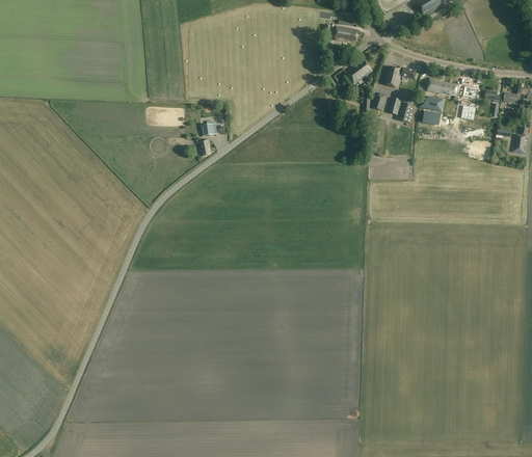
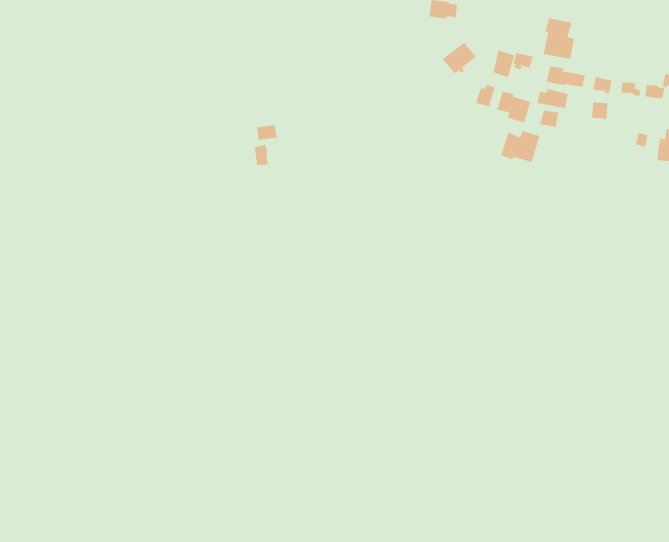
building: none -> [543,17,575,60]
building: none -> [501,130,540,163]

